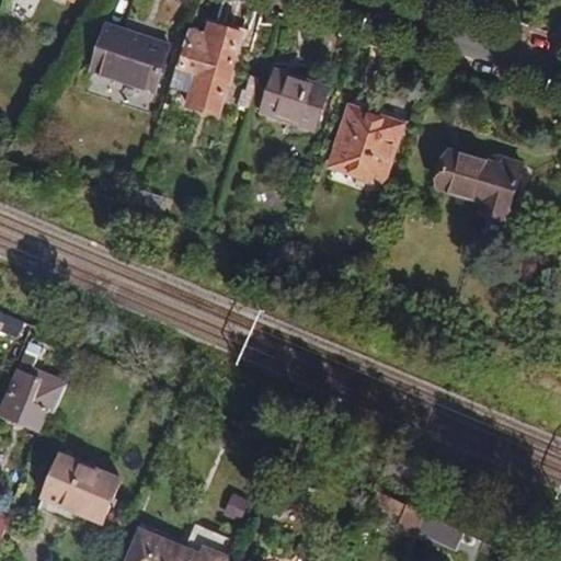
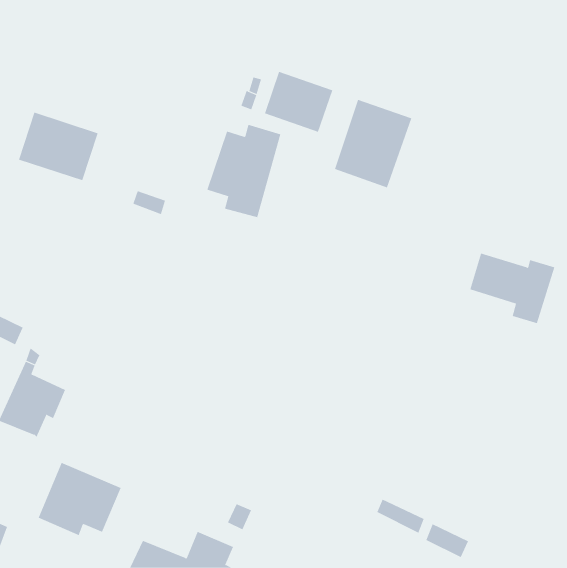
building: [168,23,241,115] -> [206,124,281,218]
building: [90,24,169,92] -> [18,112,98,181]
building: [437,151,522,221] -> [469,253,555,324]

